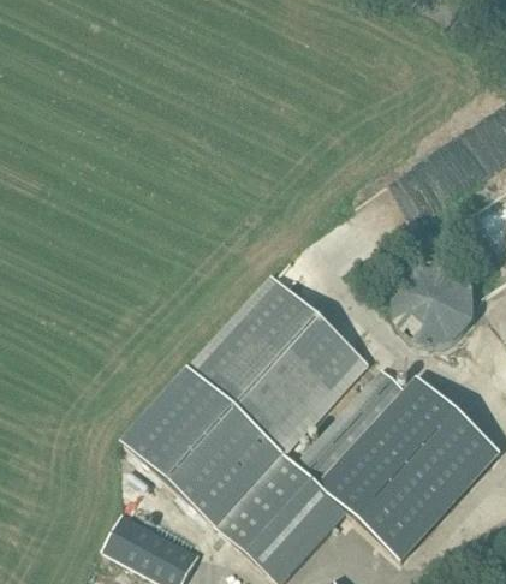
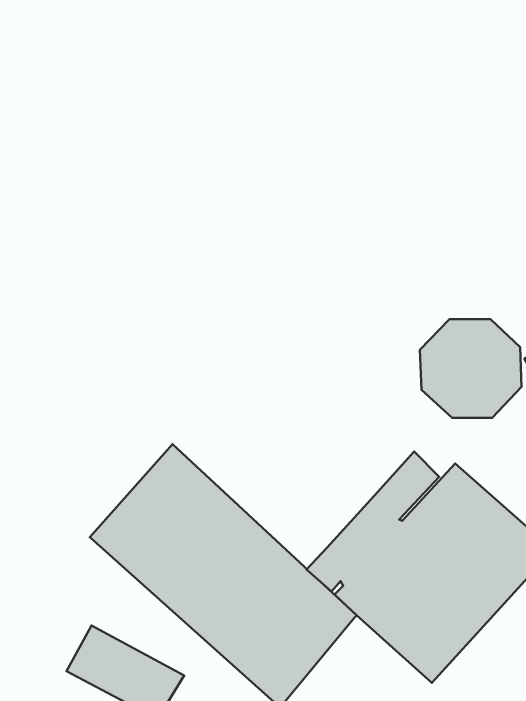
building: [191,274,371,454] -> none

